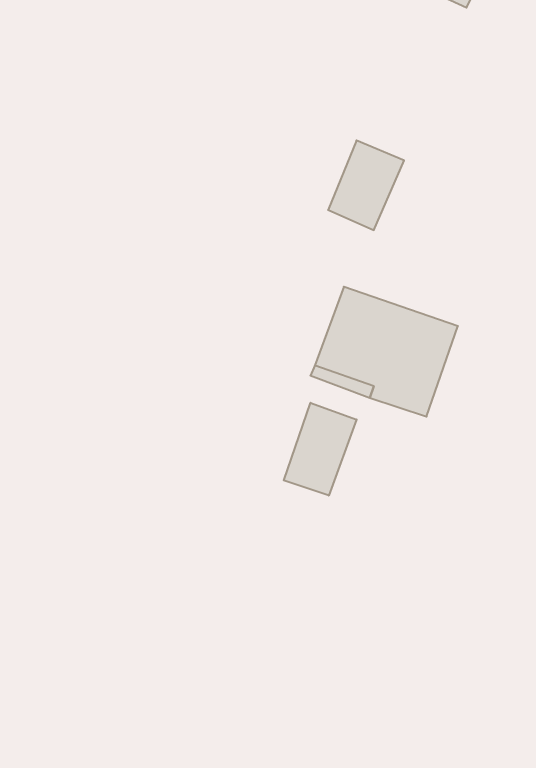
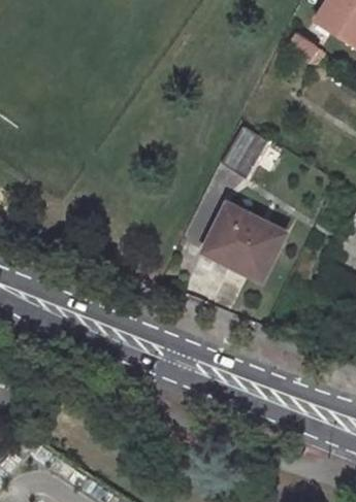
building: [284,403,357,496] -> none

